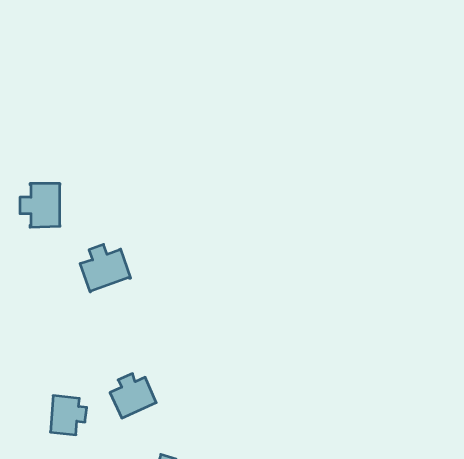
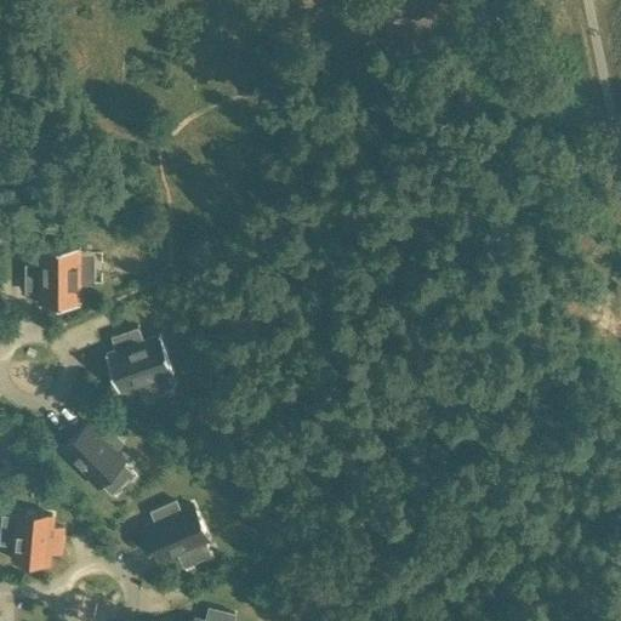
building: none -> [63,428,126,491]
building: [50,396,87,435] -> [15,517,63,569]

